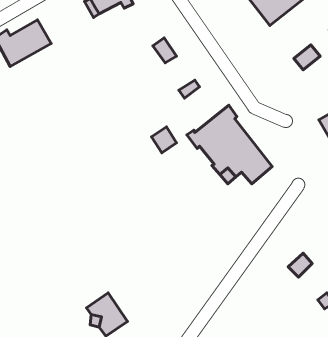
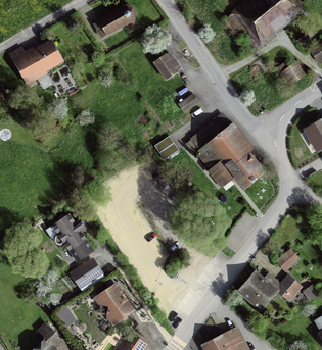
building: none -> [52,215,92,261]
building: none -> [71,258,103,288]
building: none -> [236,272,300,311]

